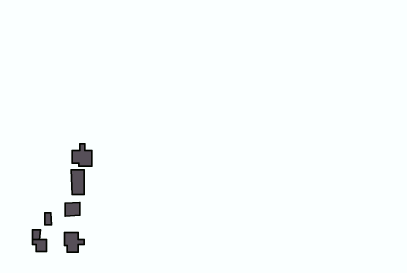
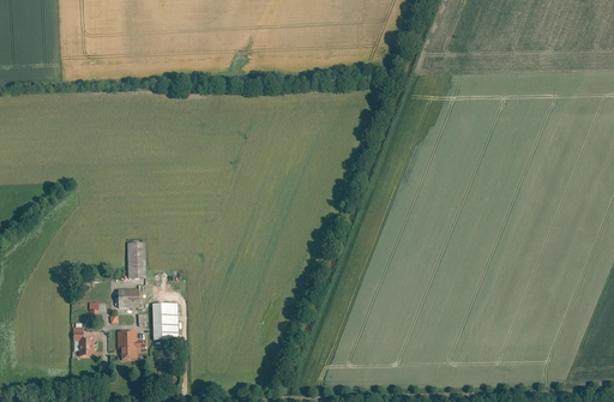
building: [72,144,92,166] -> none
building: none -> [152,302,179,340]

